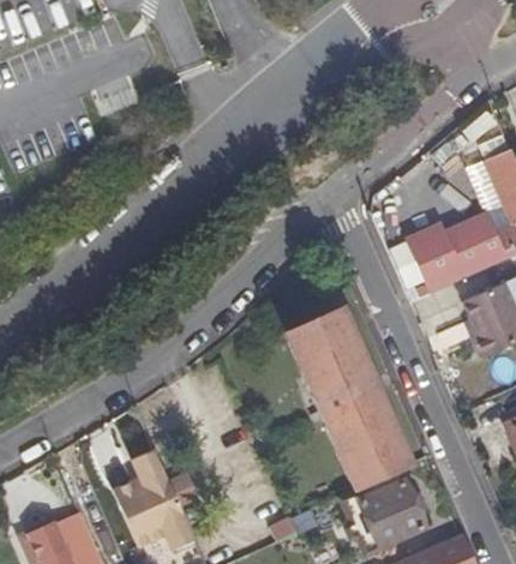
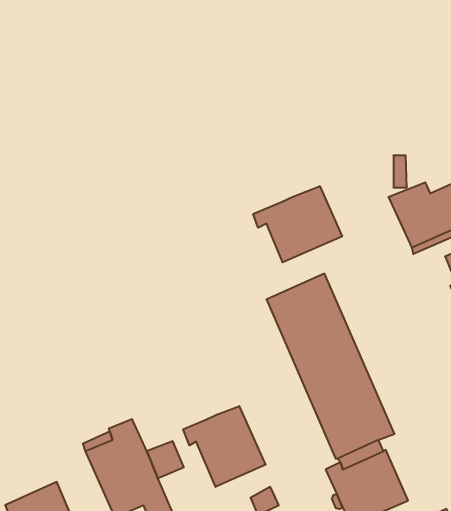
building: none -> [253,186,342,262]
building: none -> [183,406,266,487]

